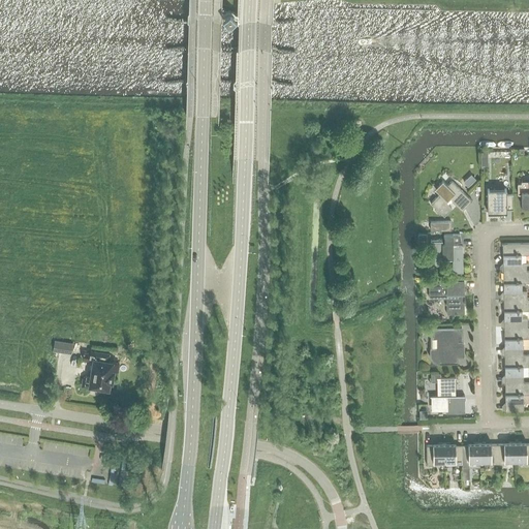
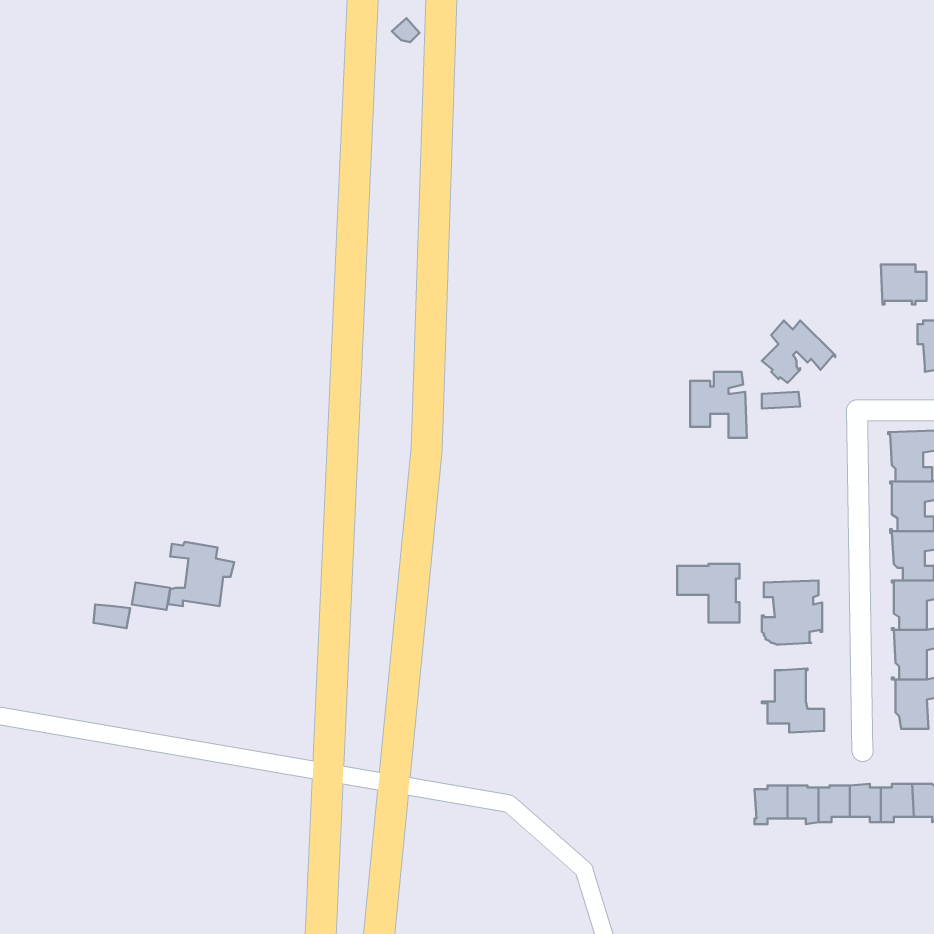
building: [488,190,514,213] -> [881,264,926,305]
building: [432,236,464,273] -> [690,372,747,438]
building: [430,282,465,315] -> [677,564,740,622]
building: [83,352,120,388] -> [168,542,234,606]

